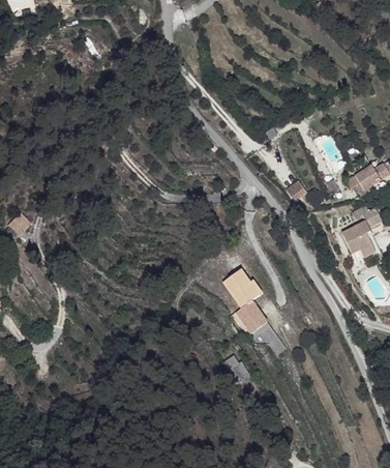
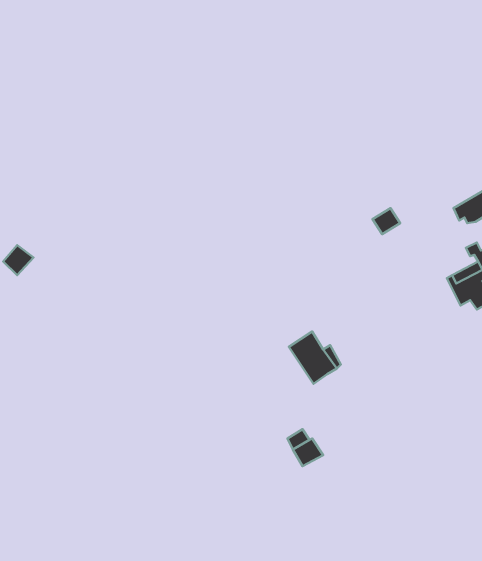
building: [236,304,267,338] -> none

